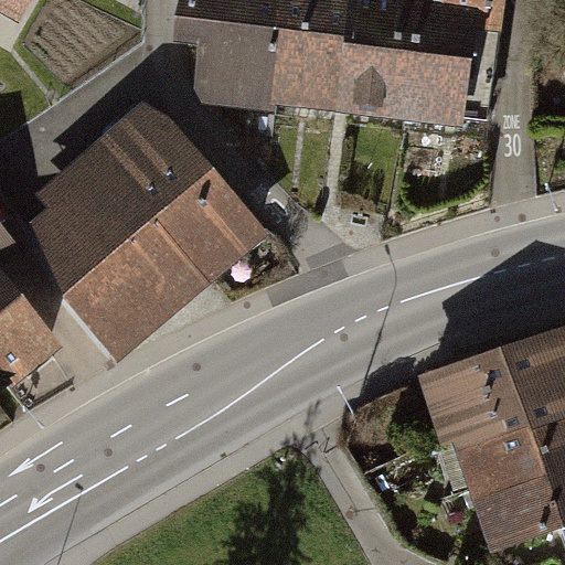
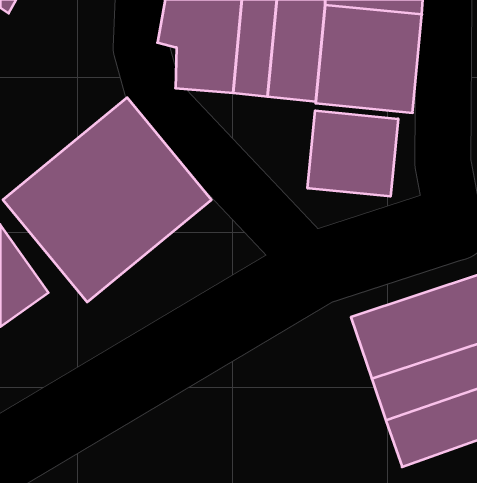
building: none -> [308,111,398,196]

